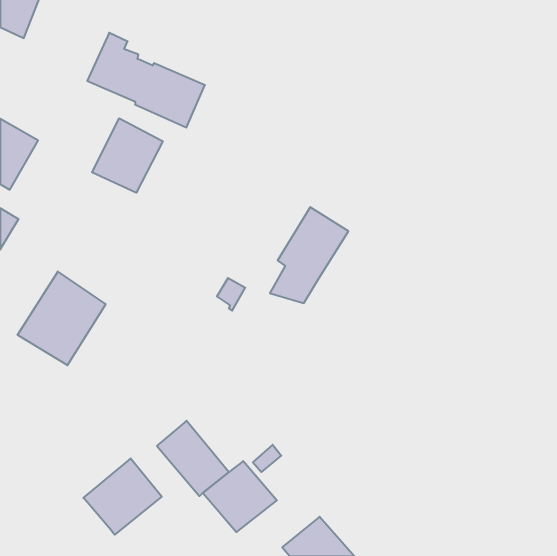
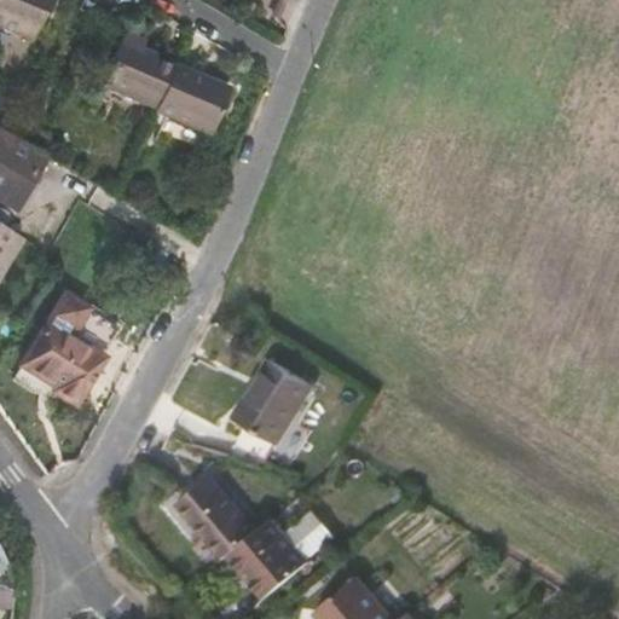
building: [92,118,163,193] -> none
building: [270,207,348,303] -> [231,357,318,463]
building: [83,458,162,535] -> none

